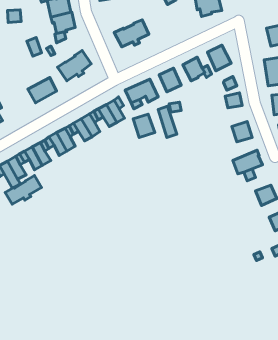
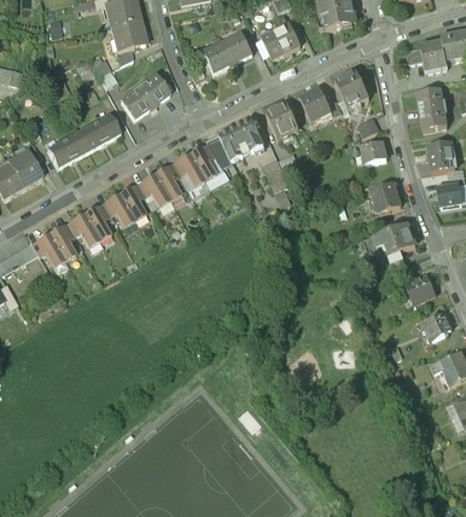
building: none -> [261,22,299,57]
building: none -> [47,132,89,168]
building: [133,114,155,138] -> none
building: [5,176,41,204] -> none

